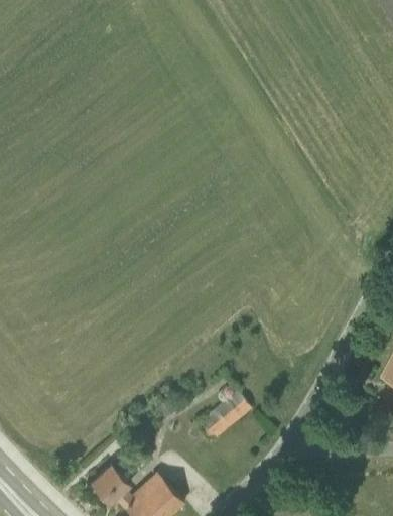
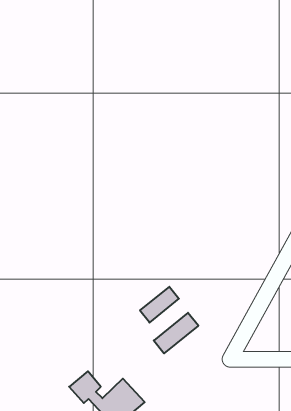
building: none -> [140,287,179,323]

